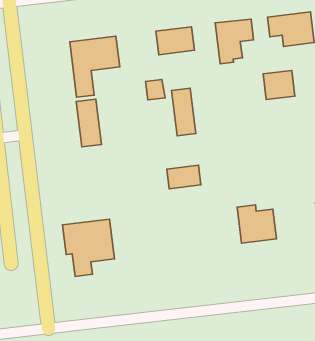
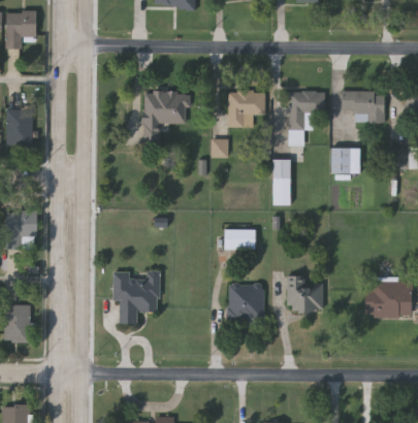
building: [172,88,196,136] -> [271,160,290,205]
building: [76,99,101,147] -> none
building: none -> [228,285,263,321]

